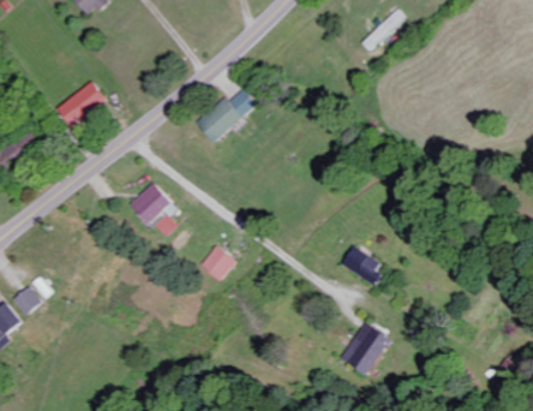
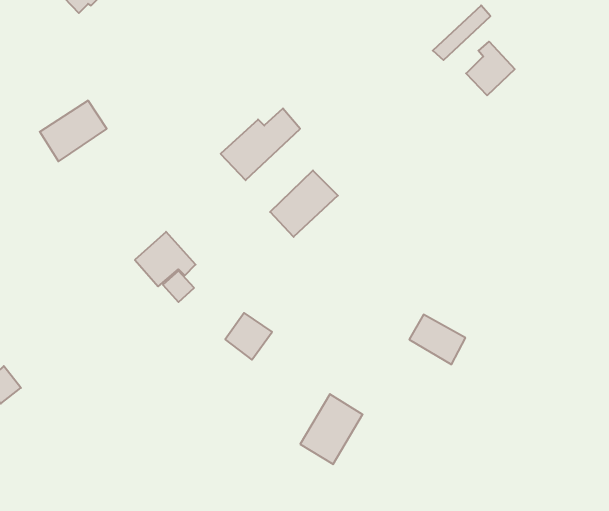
building: none -> [466,42,515,95]
building: none -> [270,170,338,237]
building: [340,322,388,376] -> [300,394,363,464]

